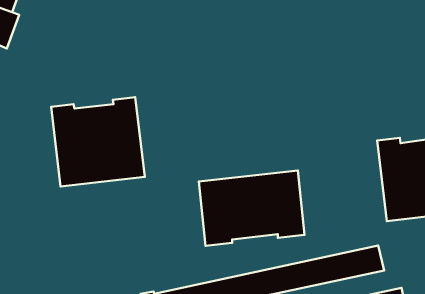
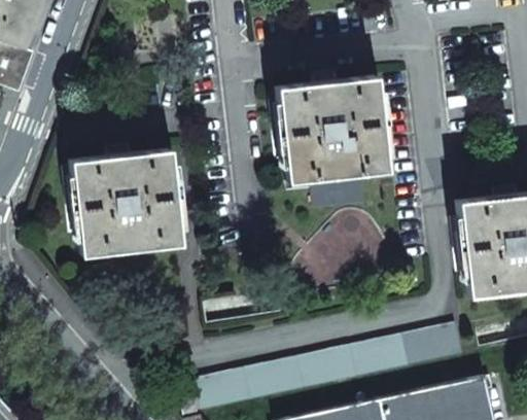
building: none -> [277,76,387,209]
building: [199,171,304,246] -> none

